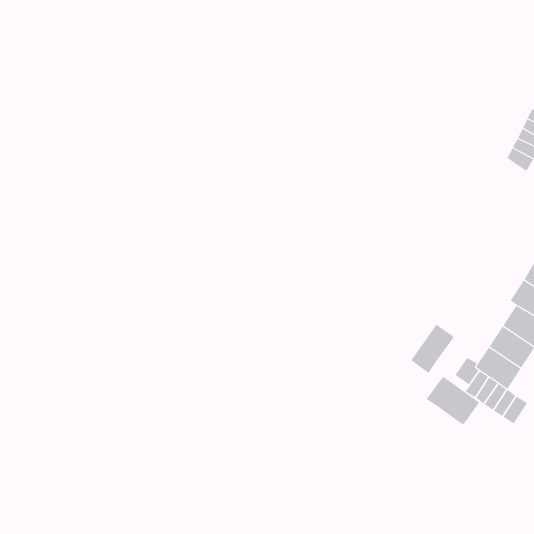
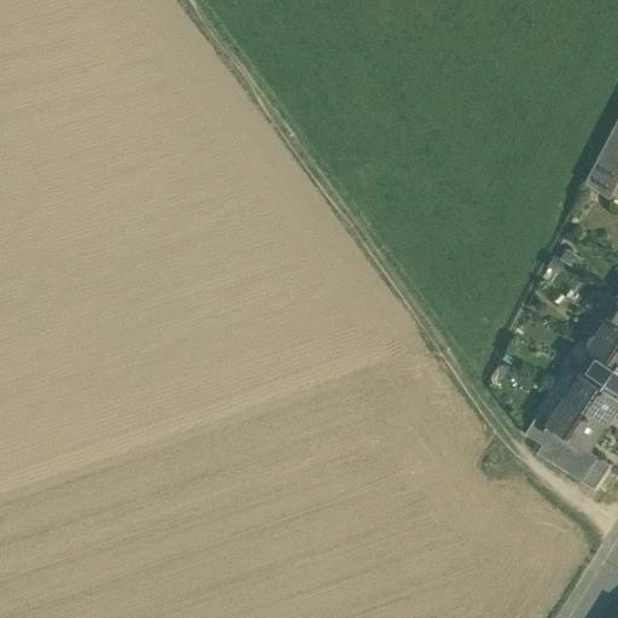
building: [410,324,454,374] -> none
building: [426,376,480,425] -> none

